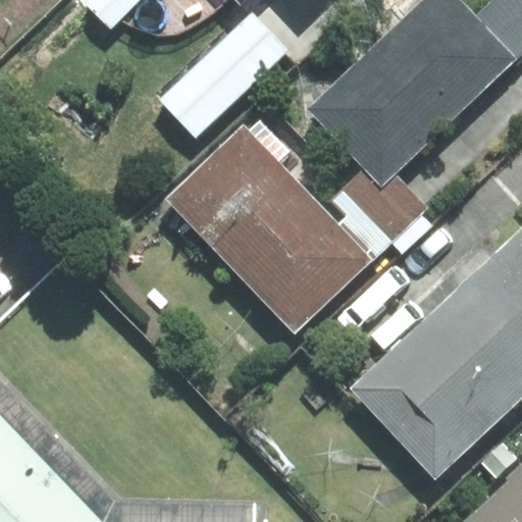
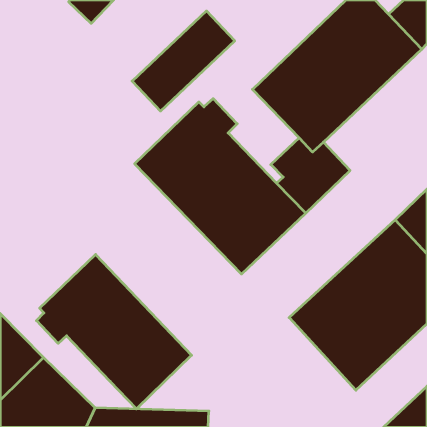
building: none -> [36,254,192,409]

